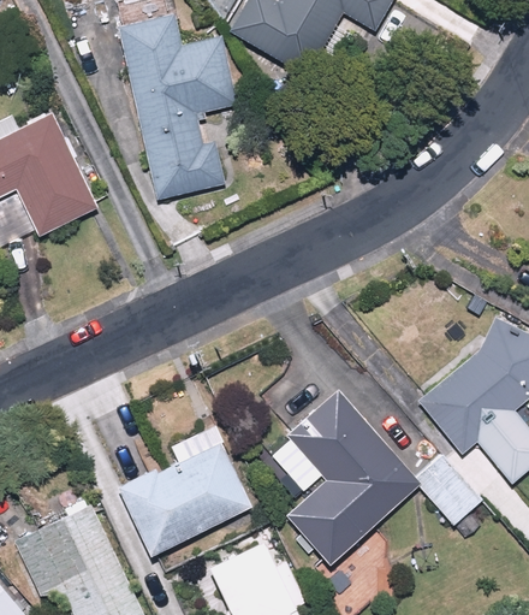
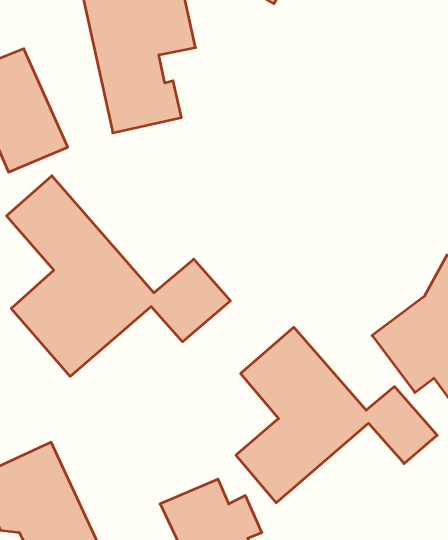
building: none -> [7,176,230,376]
building: [117,442,250,558] -> none

